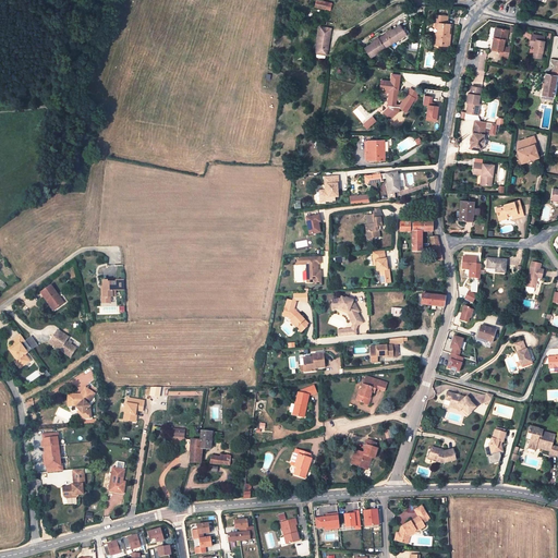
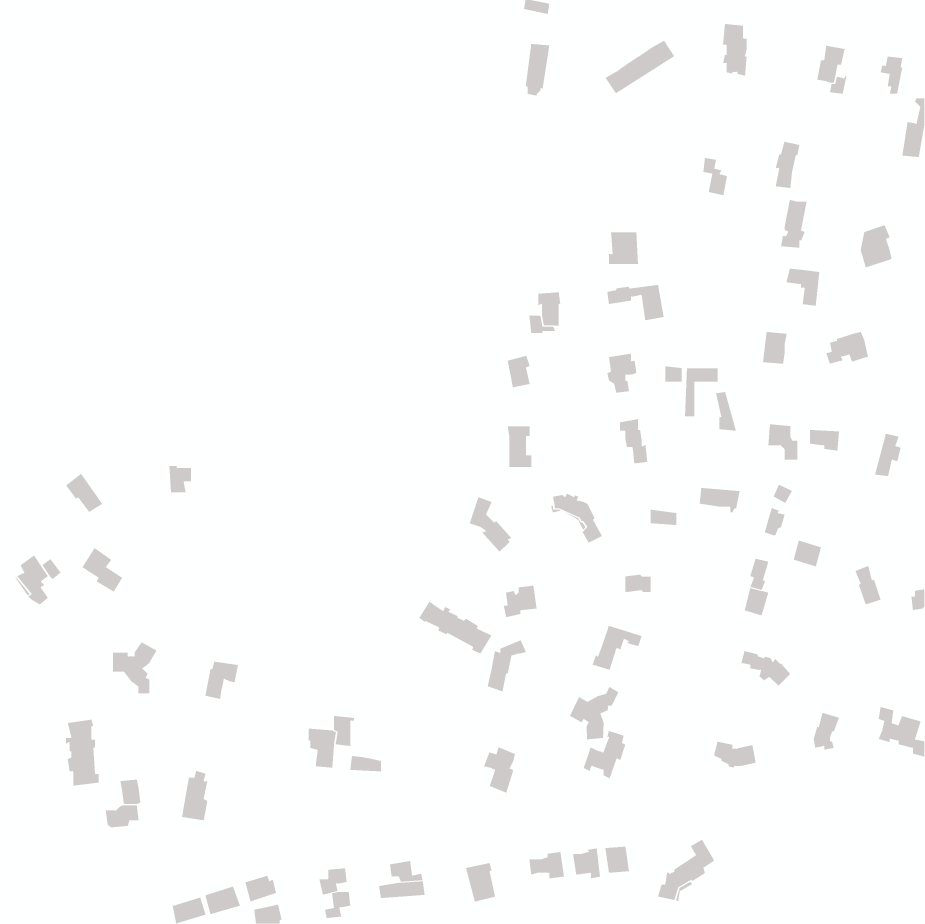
building: [379,80,414,117] -> none
building: none -> [418,600,492,654]
building: none -> [569,686,619,740]

